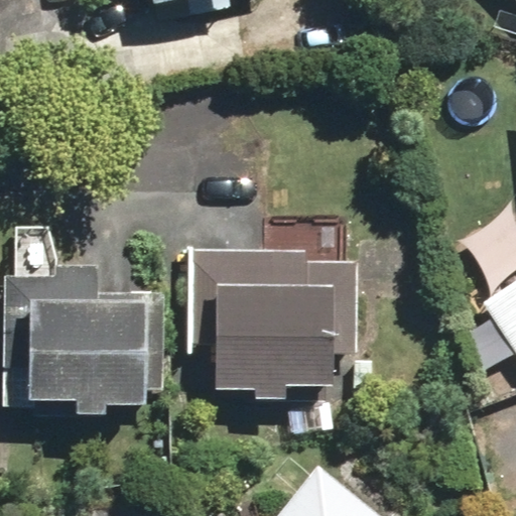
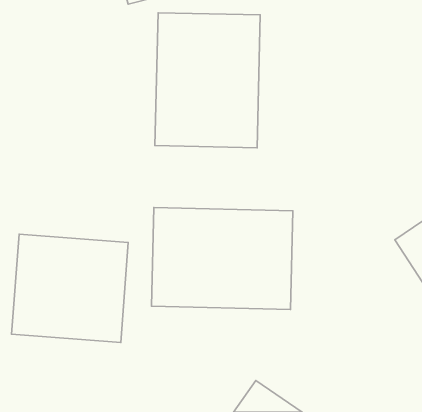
building: none -> [155,13,260,148]

